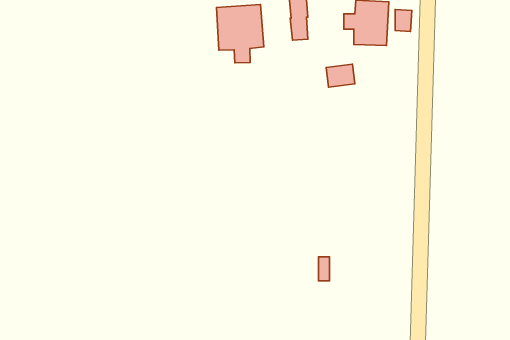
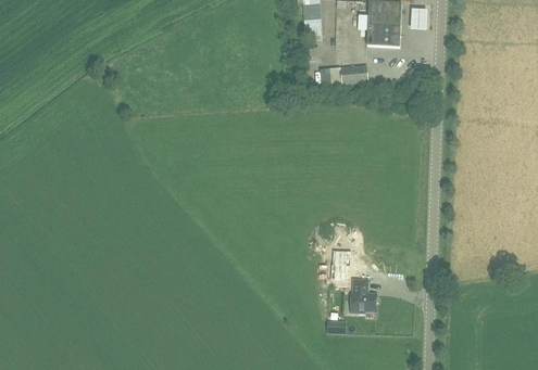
building: [216,4,264,63] -> none
building: none -> [350,279,377,311]

